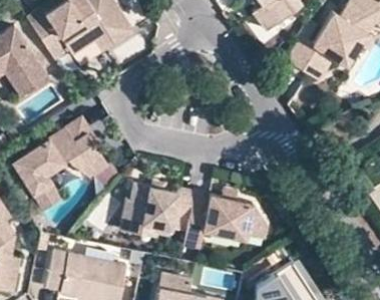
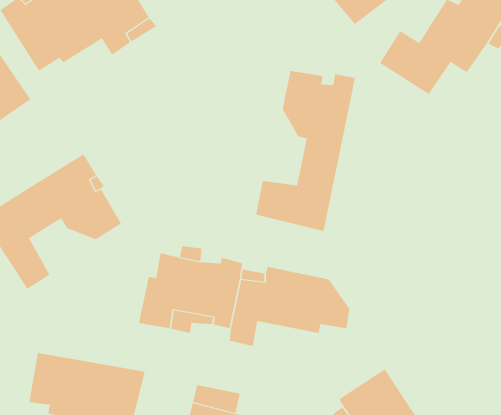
building: none -> [255,70,355,232]

